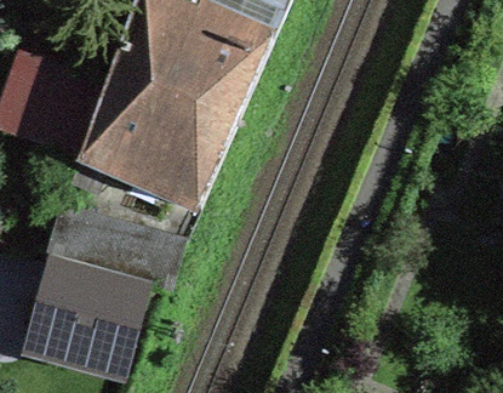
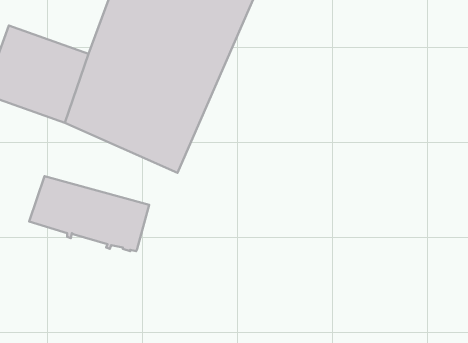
building: [29,275,147,354] -> none

